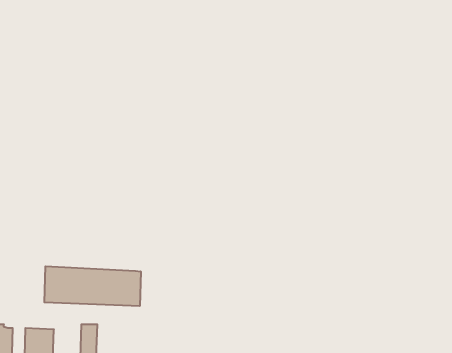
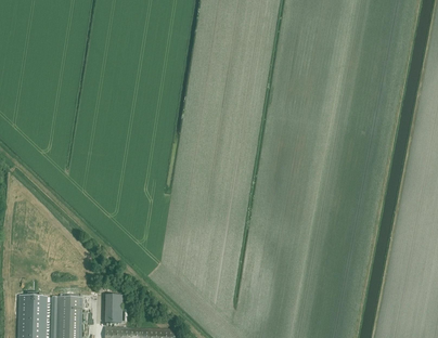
building: [44,266,141,306] -> none

